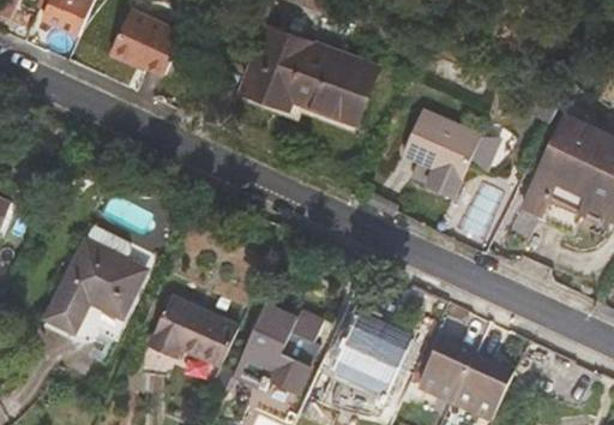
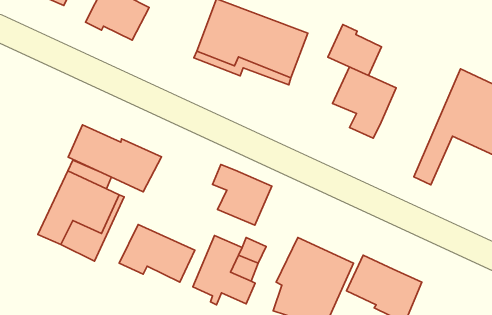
building: none -> [328,25,381,75]
building: none -> [68,125,162,192]
building: none -> [212,164,272,225]

